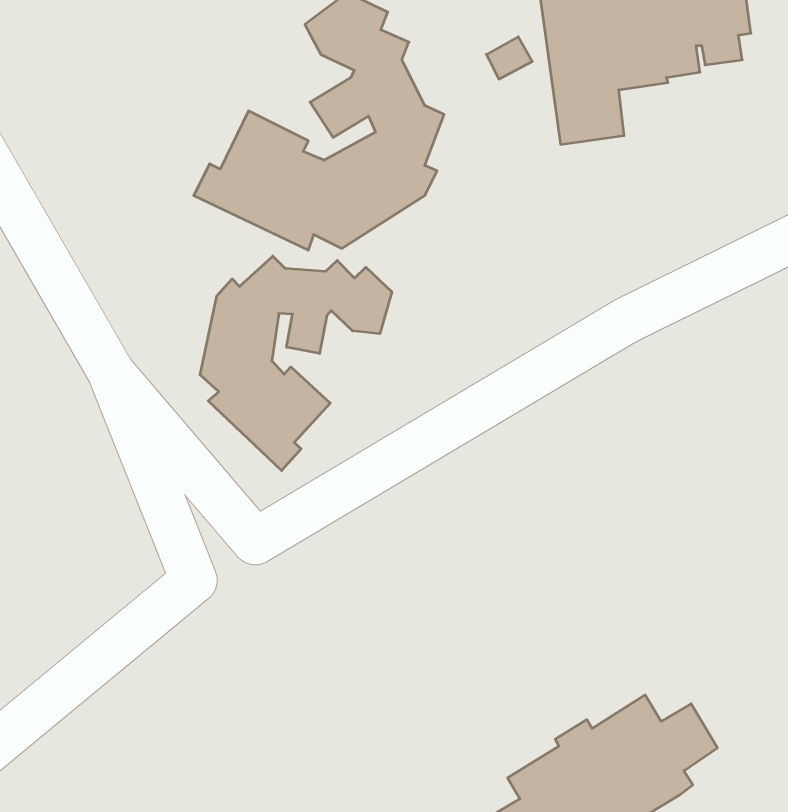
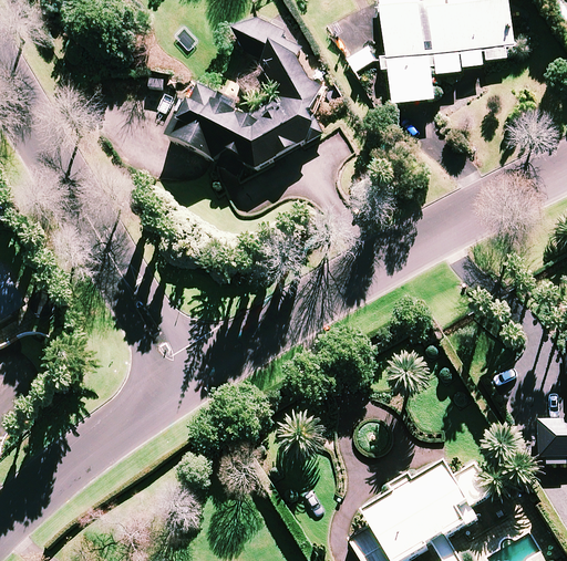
building: [200,256,392,471] -> none

